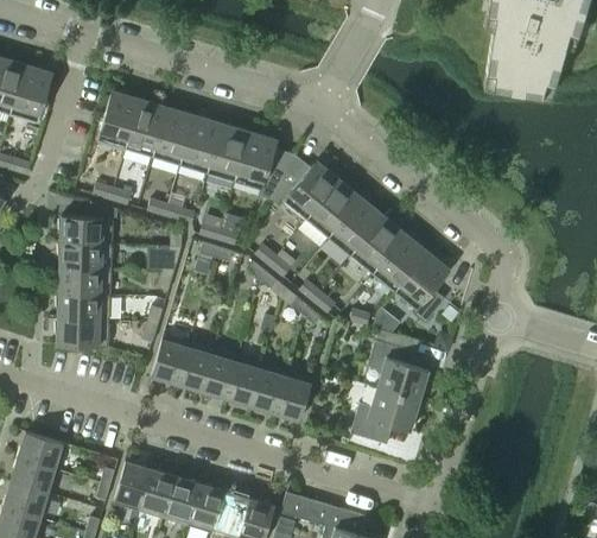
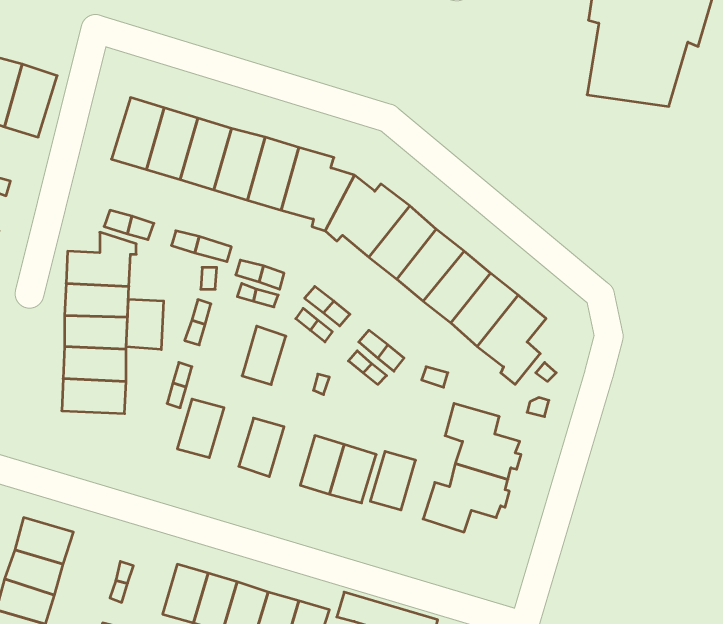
building: none -> [126,299,164,350]
building: [177,342,212,390] -> [242,326,286,385]
building: [226,357,262,405] -> [370,451,416,510]
building: [113,461,151,509] -> none

